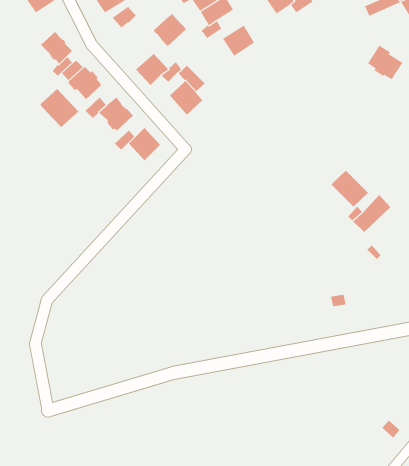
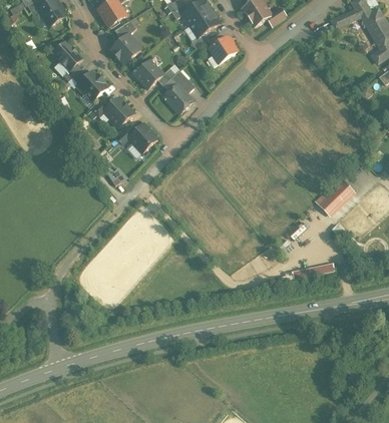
building: [153,13,187,47] -> [111,33,140,62]
building: [367,45,403,80] -> none
building: [39,88,79,128] -> none
building: [330,170,369,208] -> none

